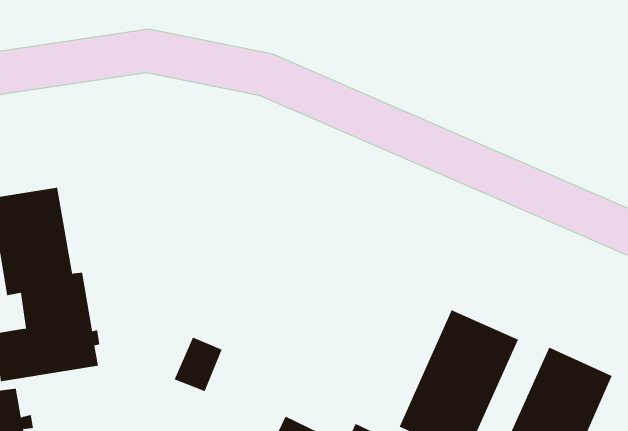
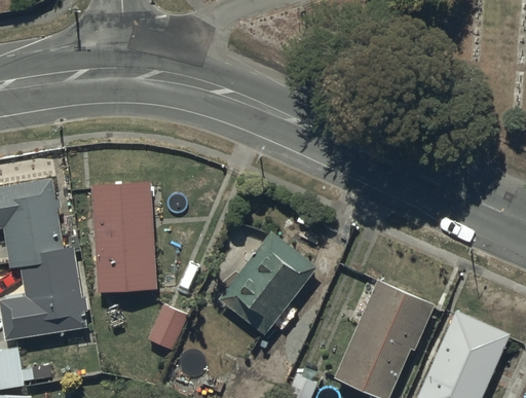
building: none -> [91,183,158,295]
building: none -> [220,231,317,335]

